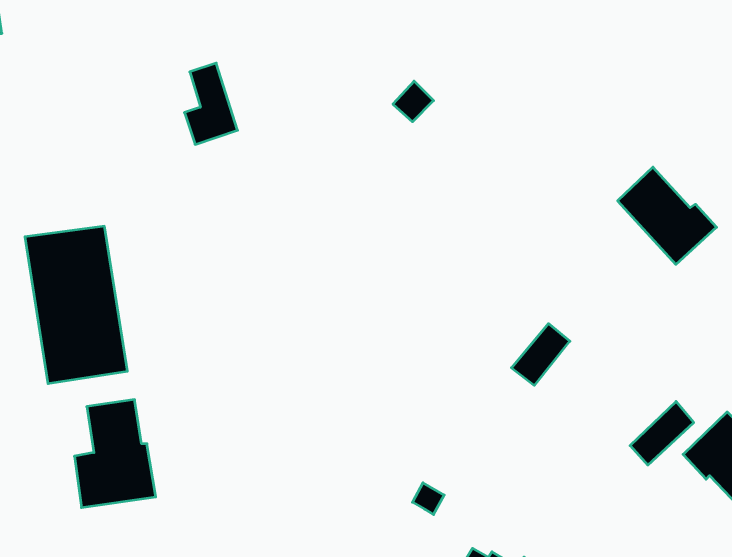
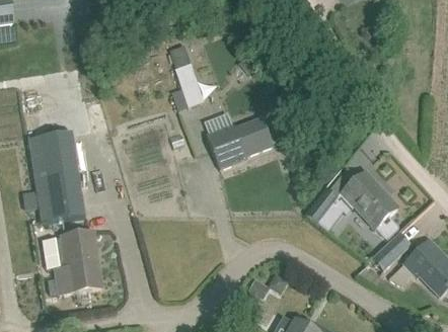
building: [184,63,238,144] -> [172,62,203,108]
building: [618,167,717,264] -> [342,172,398,228]
building: none -> [207,115,273,168]

